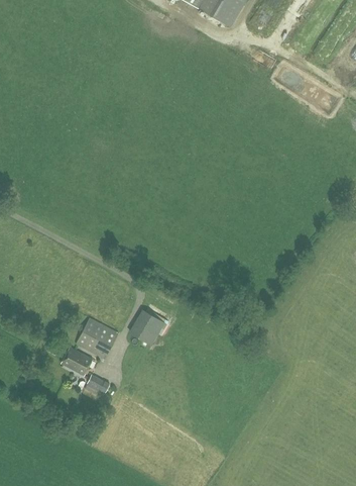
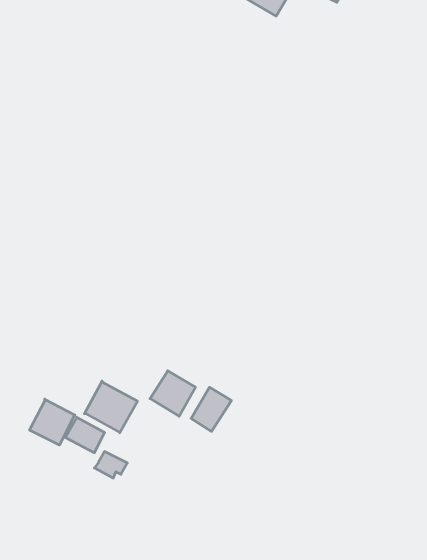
building: none -> [191,387,231,431]
building: none -> [30,399,75,445]

